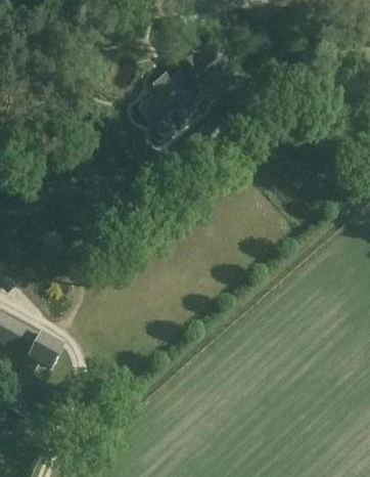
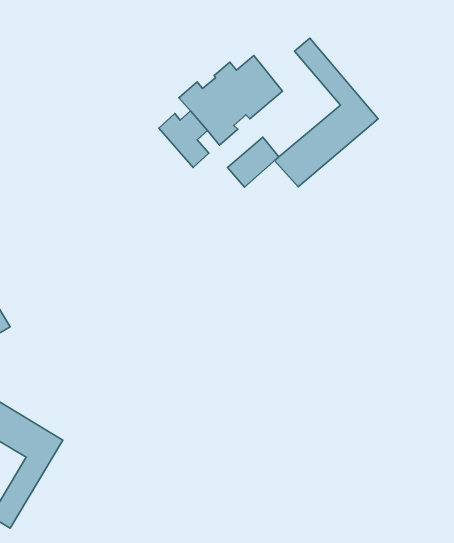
building: none -> [275,38,378,187]

